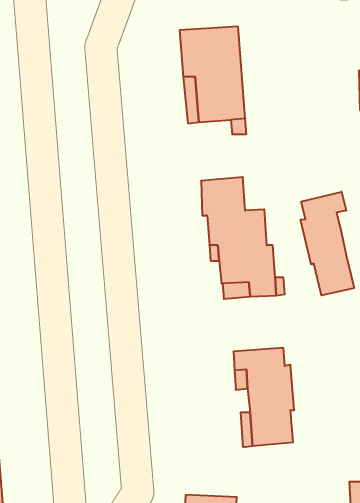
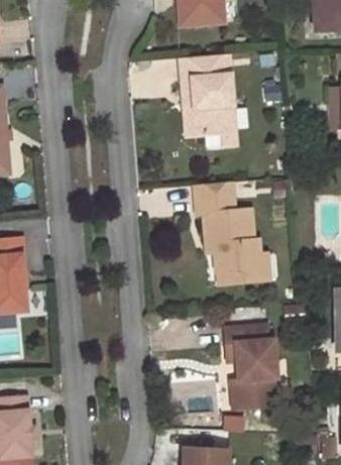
building: [301,192,354,295] -> none

